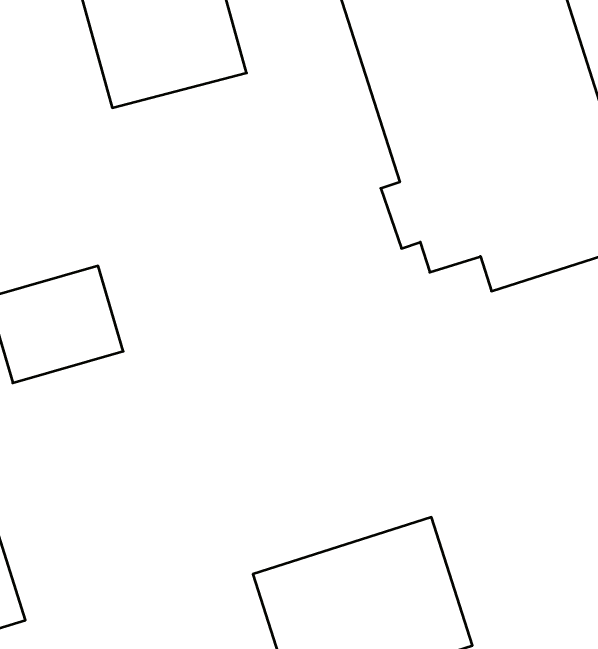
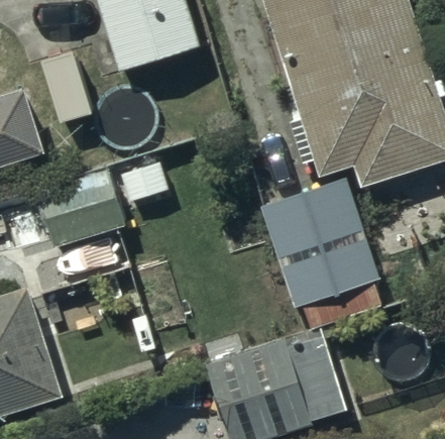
building: none -> [260,180,379,327]

